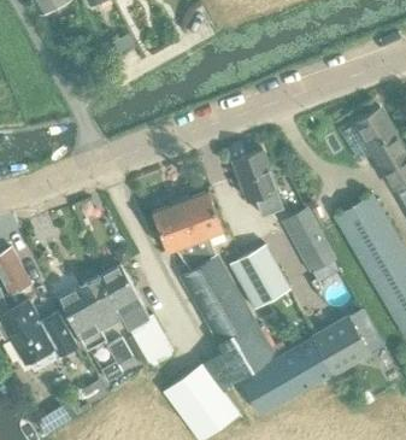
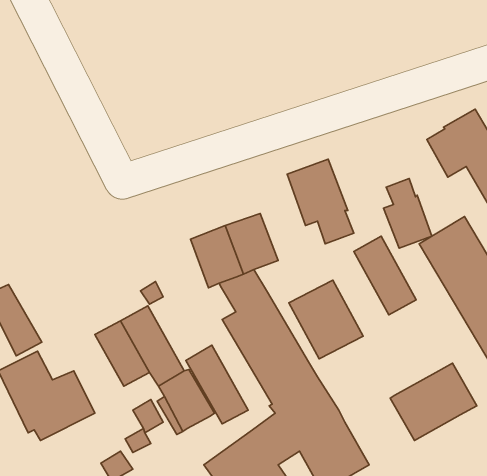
building: none -> [384,179,432,248]
building: [57,288,106,351] -> [186,345,248,424]
building: [271,339,331,392] -> none

